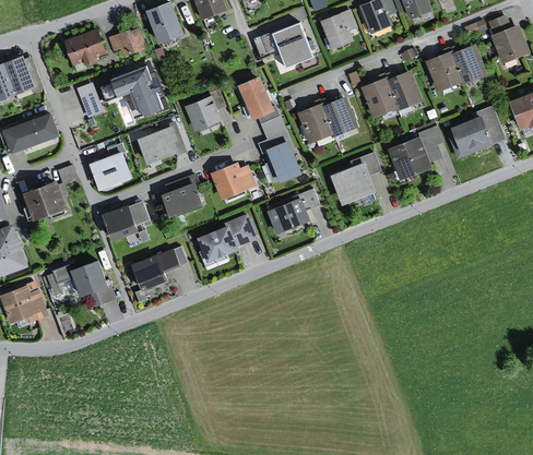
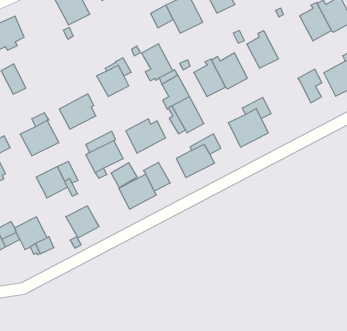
building: [104,24,145,57] -> none
building: [100,65,162,118] -> none
building: [382,70,422,110] -> none
building: [386,136,429,180] -> none
building: [157,244,187,272] -> [111,163,137,187]

